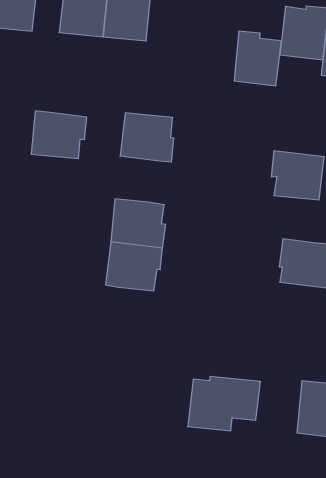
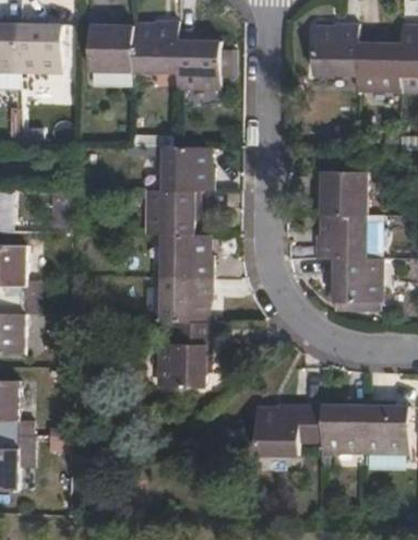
building: [234,31,281,86] -> [176,38,219,89]
building: [31,111,87,159] -> [145,191,198,235]
building: none -> [313,216,365,260]
building: none -> [156,323,211,388]
building: none -> [322,399,365,452]

